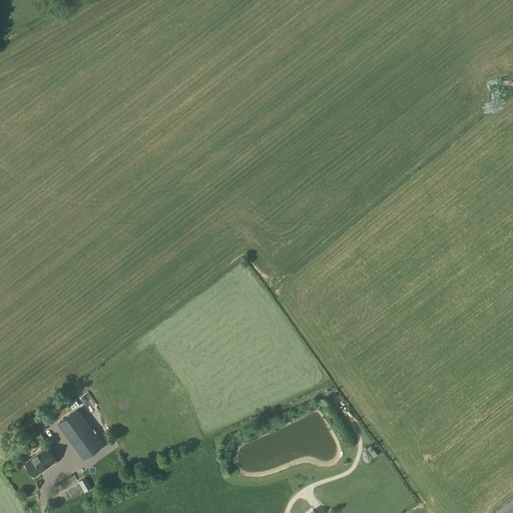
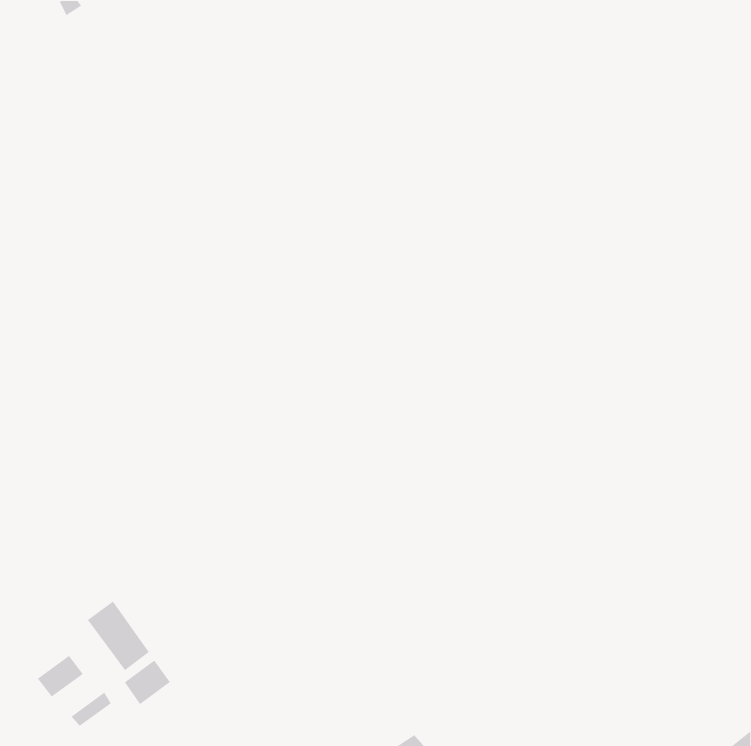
building: none -> [124,659,171,705]

